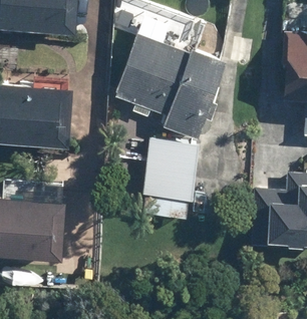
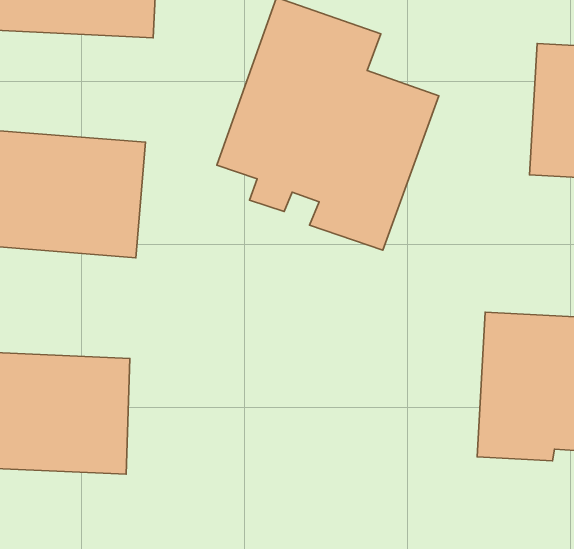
building: [140,144,198,223] -> none

